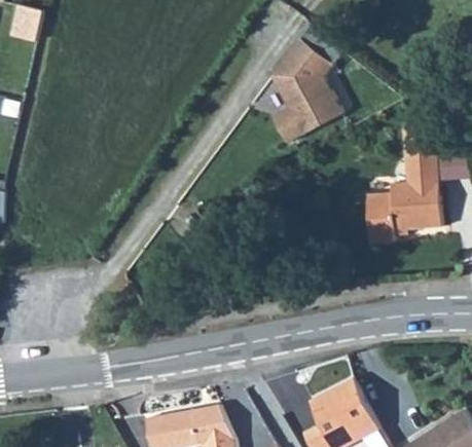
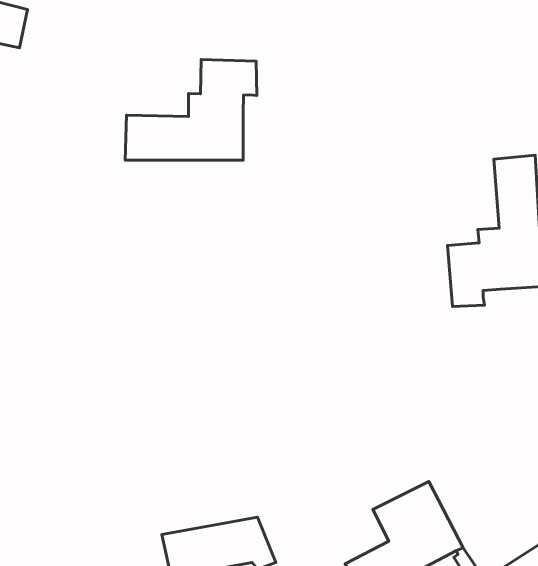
building: [271,24,344,142] -> none
building: none -> [125,59,257,160]

